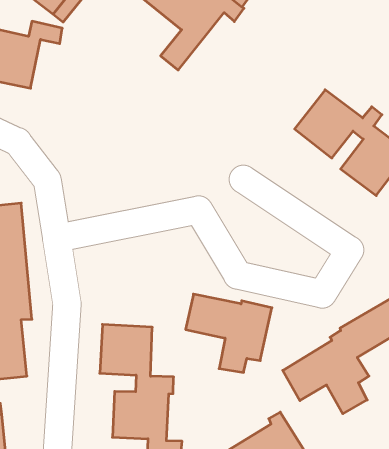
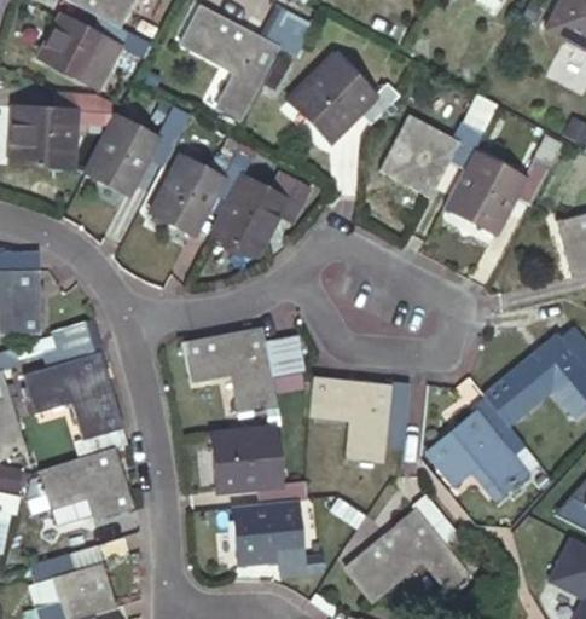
building: none -> [289,58,405,143]
building: none -> [91,120,186,196]
building: none -> [155,162,317,256]
building: none -> [187,331,300,415]

